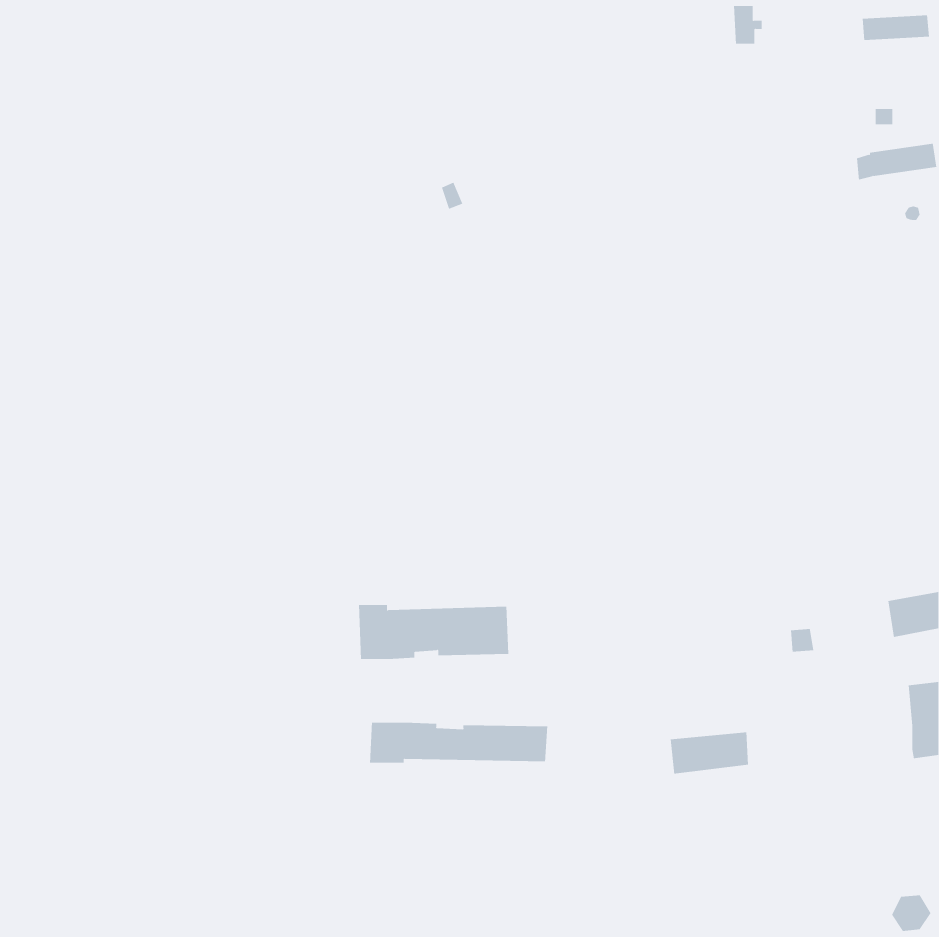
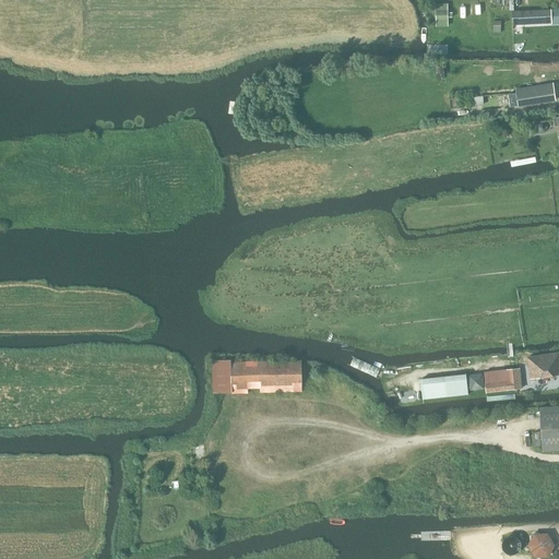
building: none -> [485,367,523,392]
building: [369,722,548,764] -> none
building: [670,732,749,774] -> [420,373,467,399]

